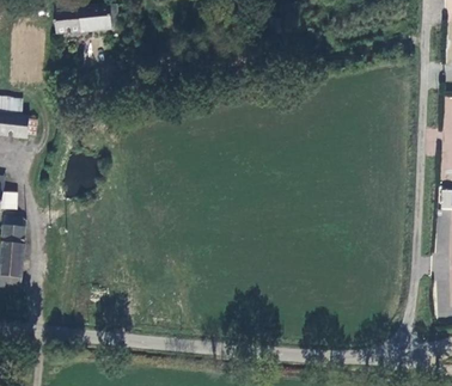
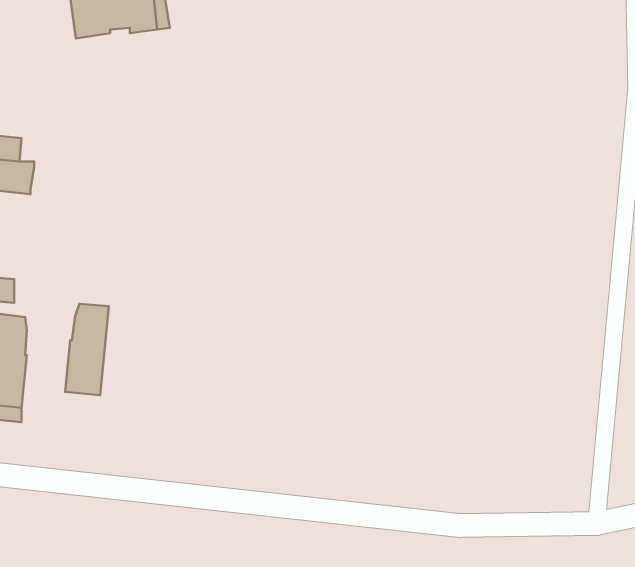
building: none -> [65,304,109,395]

